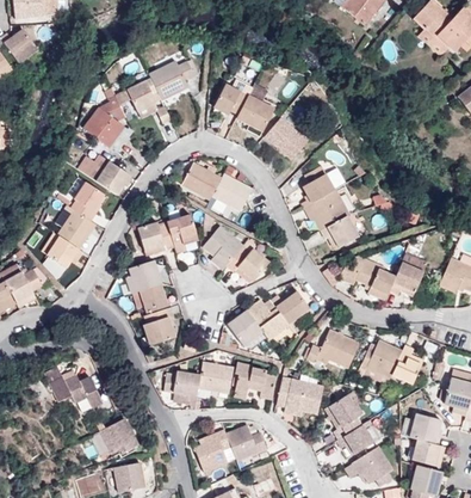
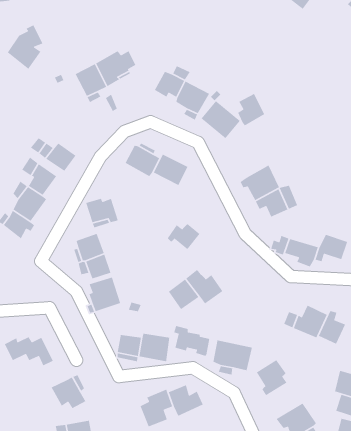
building: [86,98,126,148] -> [7,24,44,70]
building: [305,164,336,201] -> [237,93,265,127]
building: [166,215,197,252] -> none
building: [205,236,237,271] -> none
building: [271,291,308,324] -> none
building: [318,331,358,368] -> none
building: [335,424,374,455] -> none

